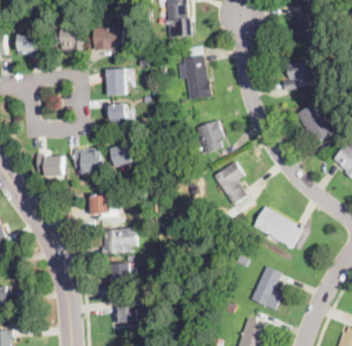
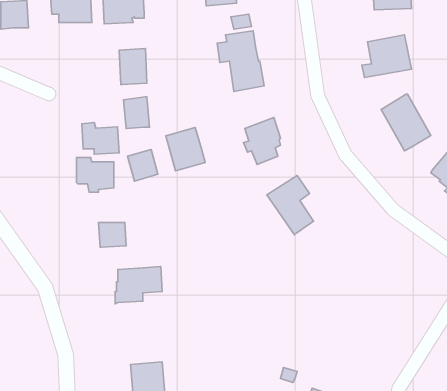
building: none -> [166,128,205,171]
building: [36,152,64,176] -> [82,123,119,154]
building: [252,206,301,247] -> none
building: [110,263,133,290] -> none
building: [250,265,281,310] -> none

